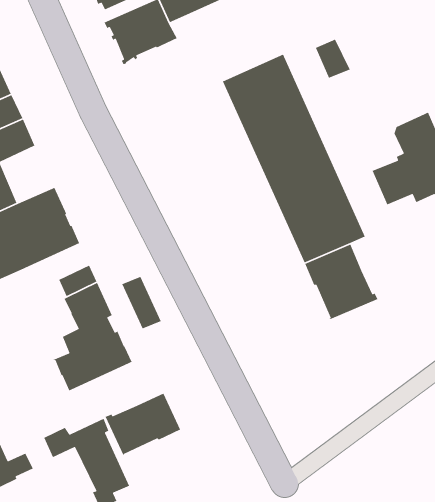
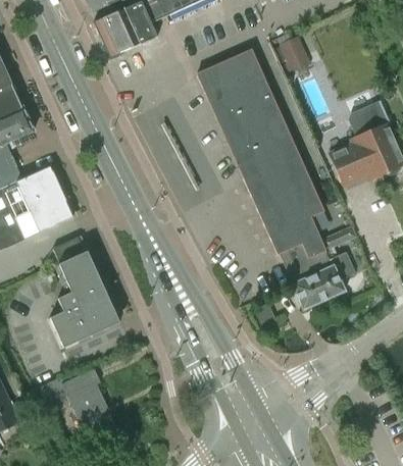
building: none -> [292,226,355,309]
building: [121,276,162,330] -> none
building: [105,393,181,456] -> none

